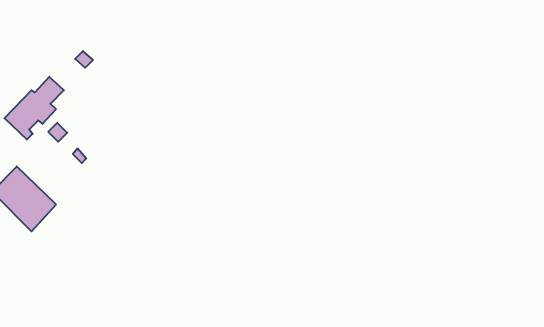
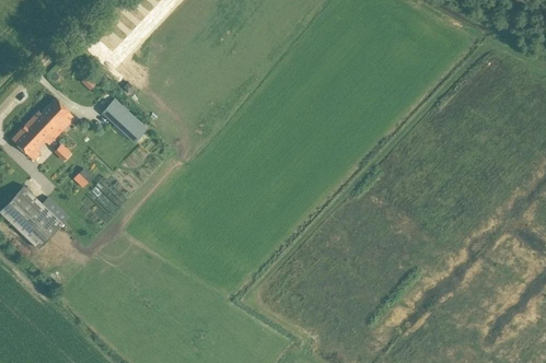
building: none -> [102,98,148,142]

